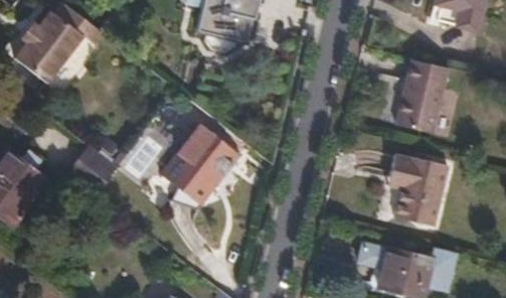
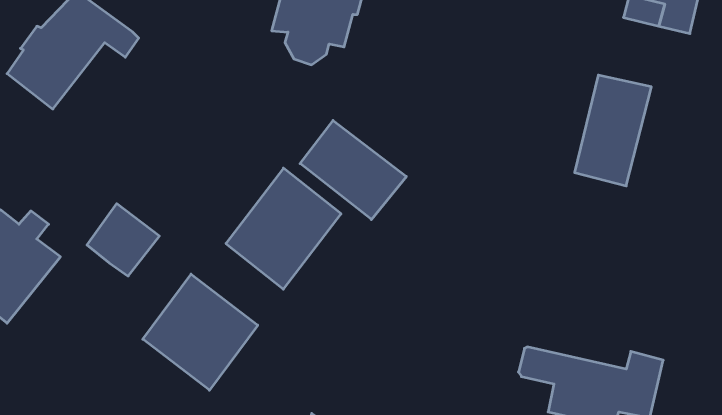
building: none -> [300,120,406,220]
building: [389,154,450,227] -> none
building: none -> [143,274,258,390]

